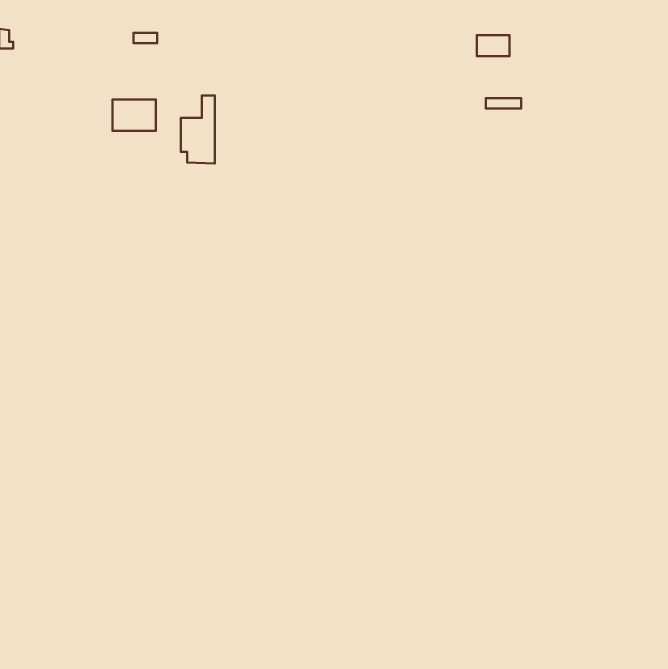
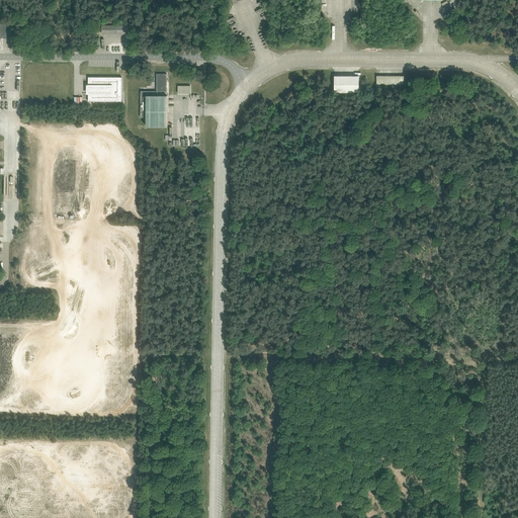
building: [477,35,510,56] -> [333,76,358,92]

